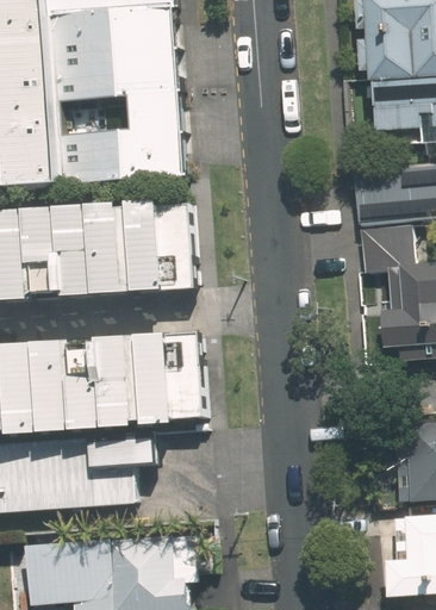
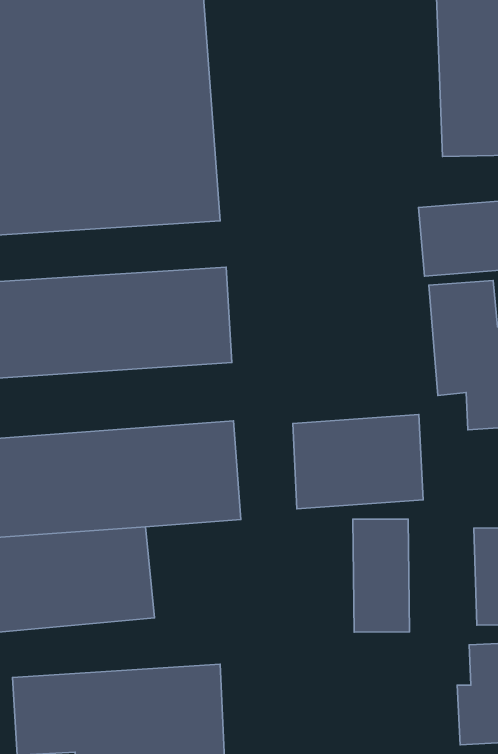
building: none -> [293,414,423,509]
building: none -> [353,519,410,632]

